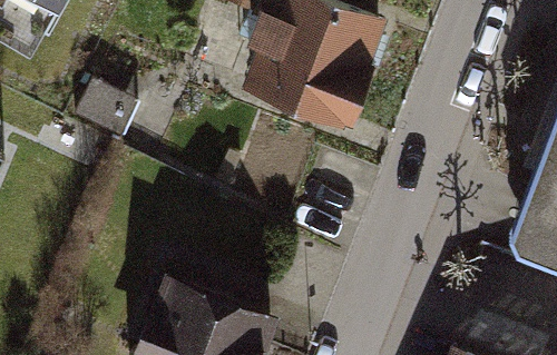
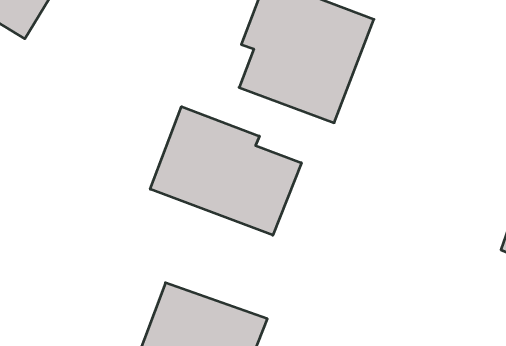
building: none -> [150,107,301,235]

